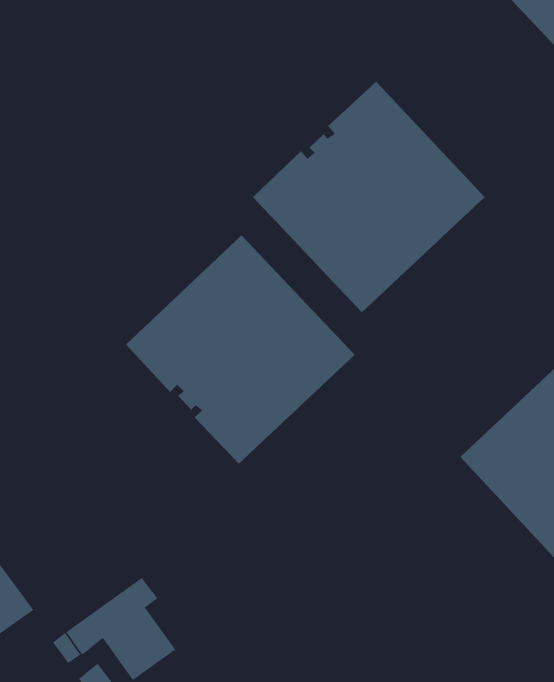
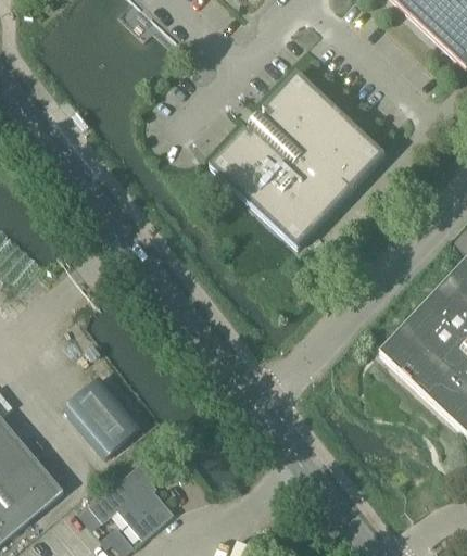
building: [125,235,355,465] -> none
building: none -> [62,377,140,457]

